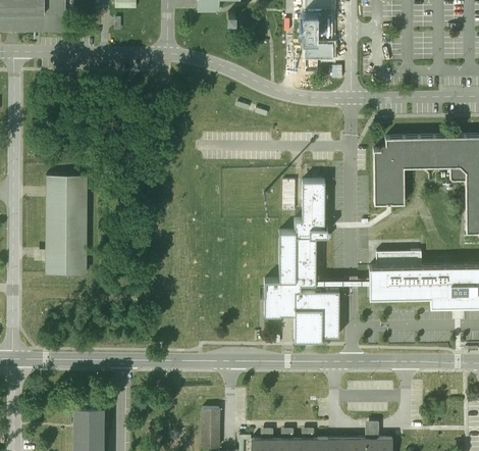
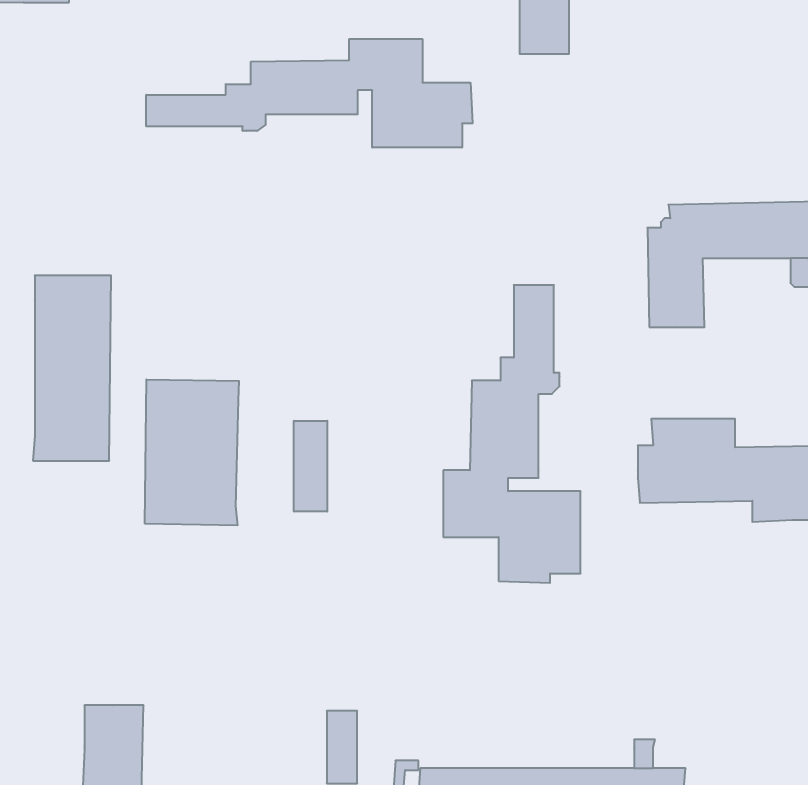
building: none -> [146,39,473,148]
building: none -> [145,379,239,525]
building: none -> [294,421,327,512]

